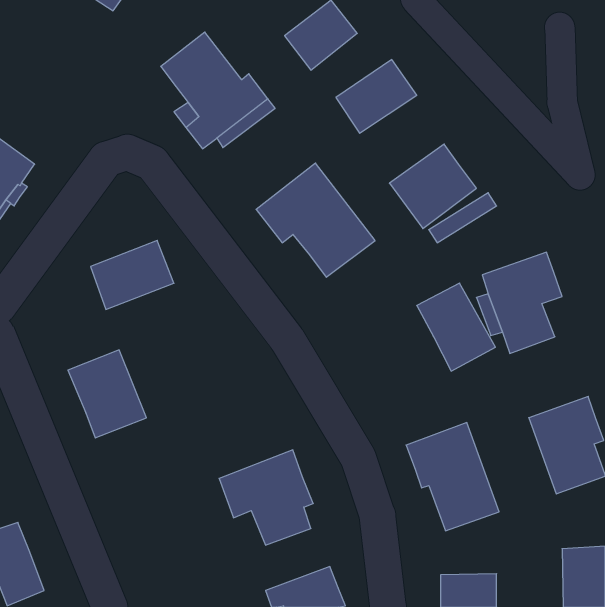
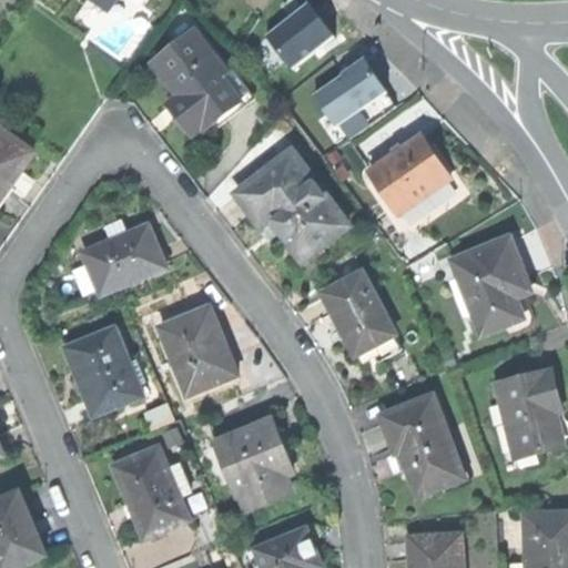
building: [417,283,495,371] -> [318,268,392,351]
building: none -> [159,308,230,389]
building: none -> [115,446,191,535]

